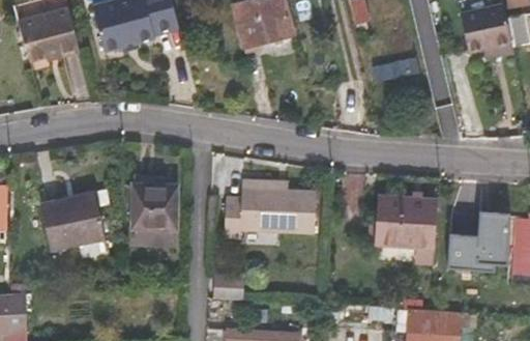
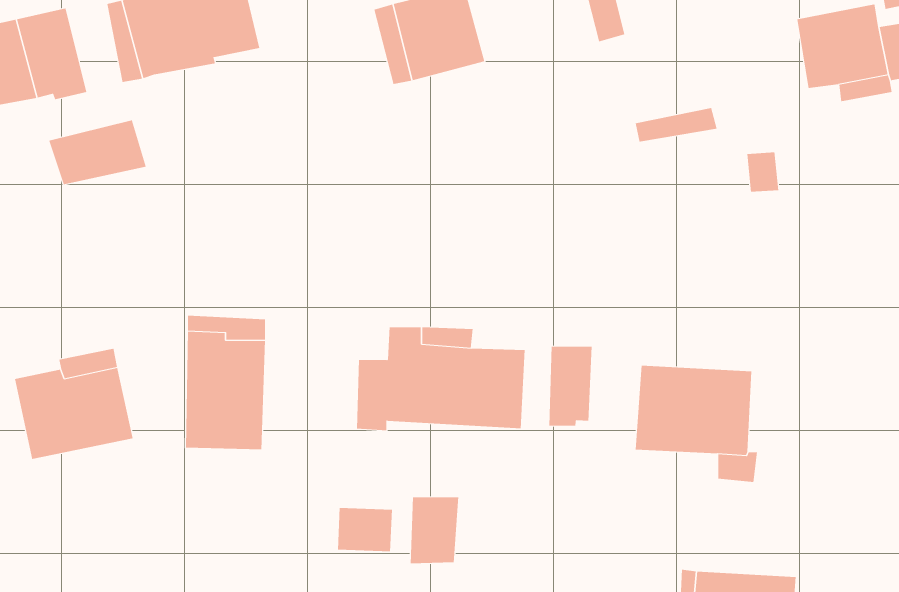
building: none -> [48,119,146,185]
building: none -> [549,346,592,427]
building: [447,212,510,268] -> none
building: none -> [410,497,459,564]

